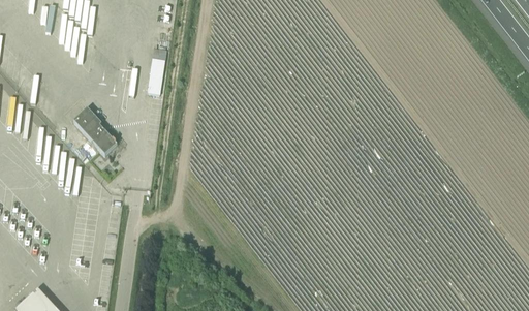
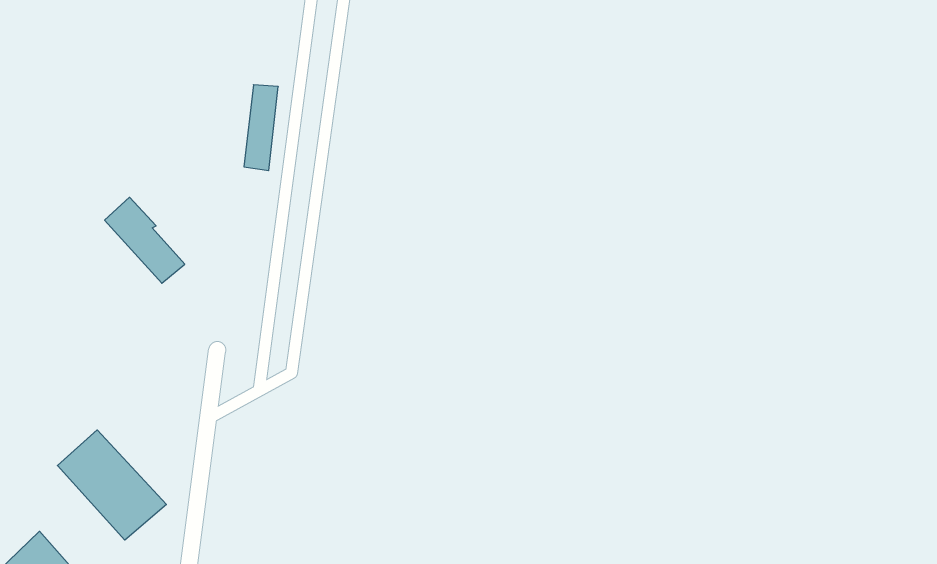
building: none -> [57,430,166,540]

